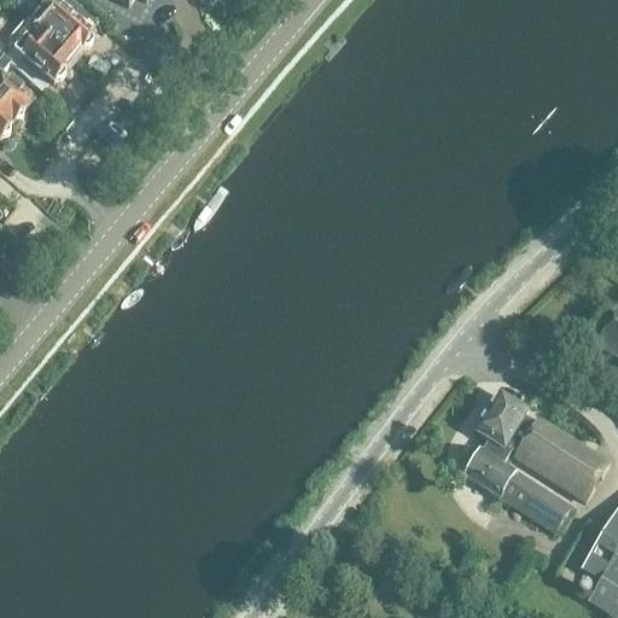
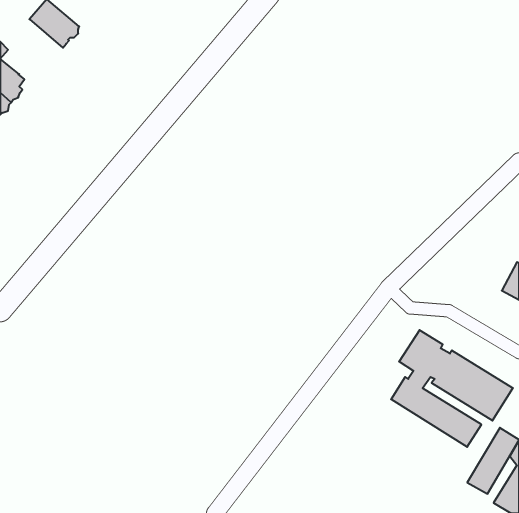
building: [14,23,75,80] -> none

